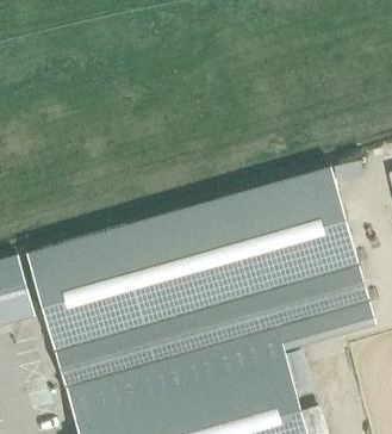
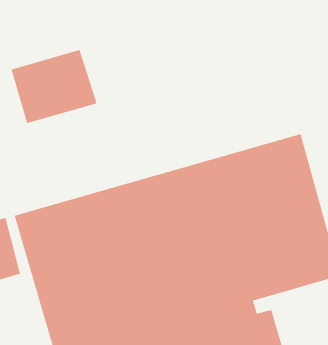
building: none -> [11,49,97,124]

